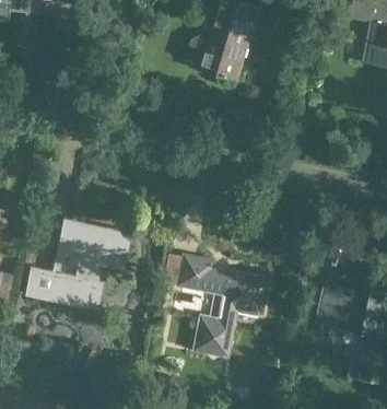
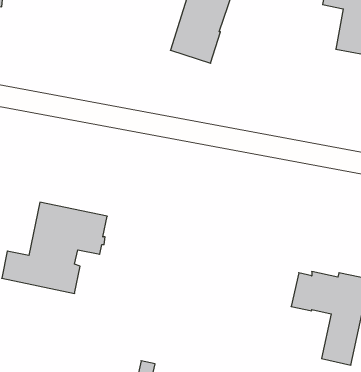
building: [177,255,263,355] -> none

